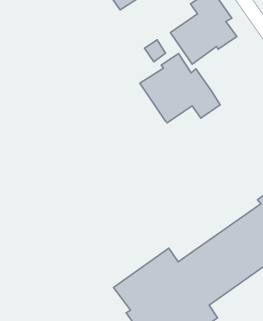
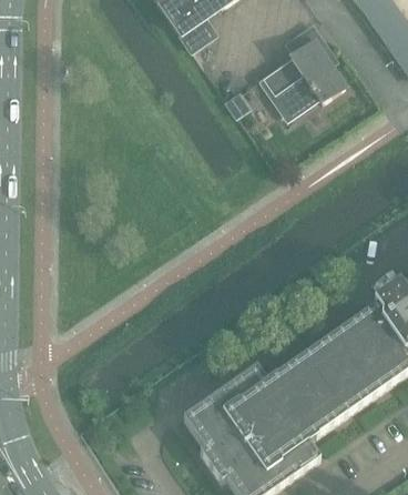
building: [140,53,220,123] -> none

